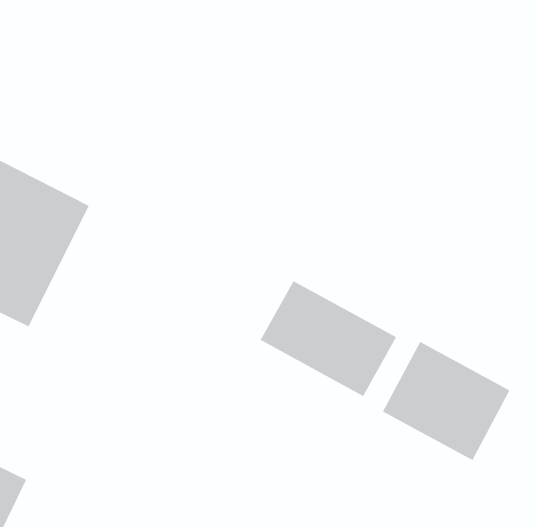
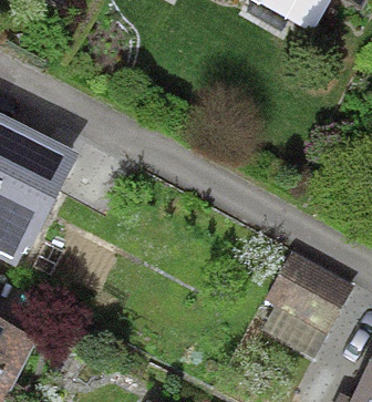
building: [259,280,397,397] -> none

